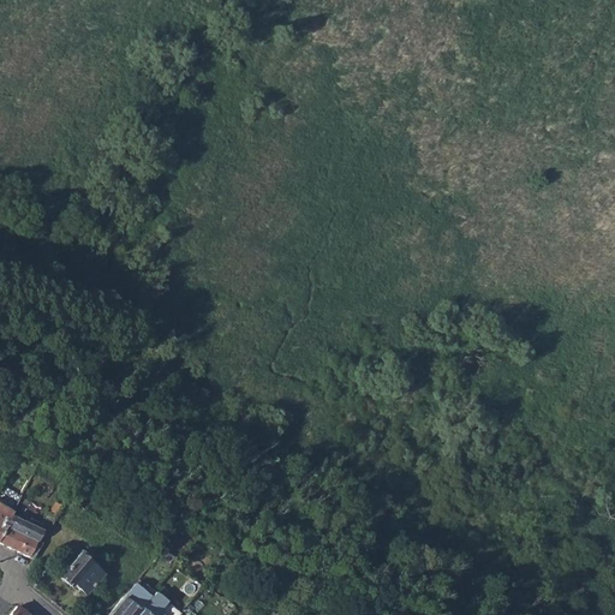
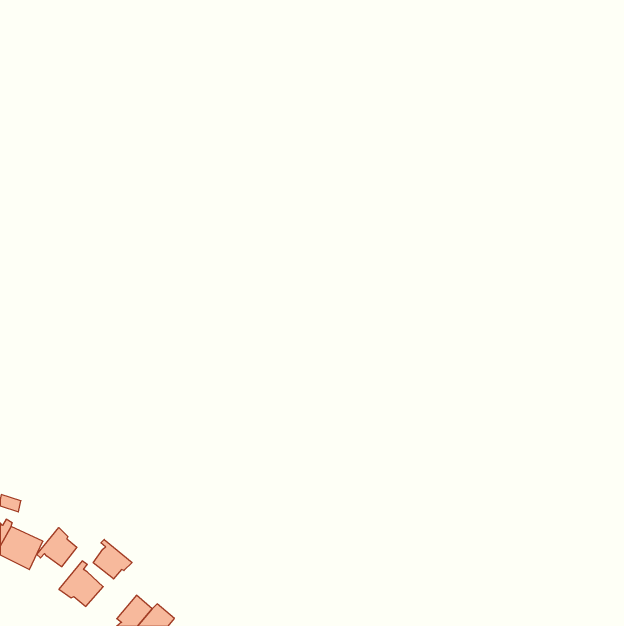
building: none -> [37,528,77,567]
building: none -> [93,539,132,579]

